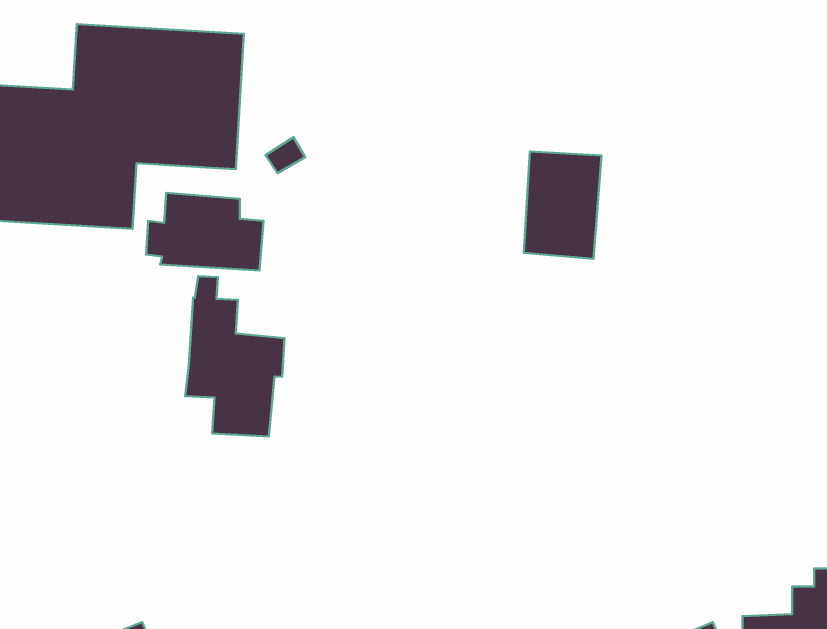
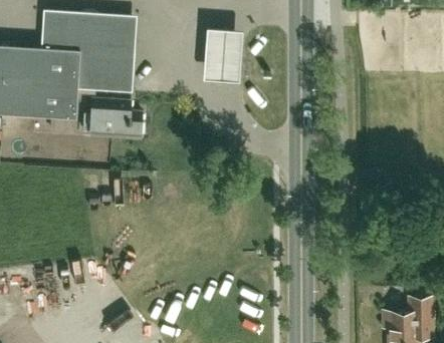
building: [524,151,601,259] -> [205,22,244,76]
building: [185,276,284,436] -> none

